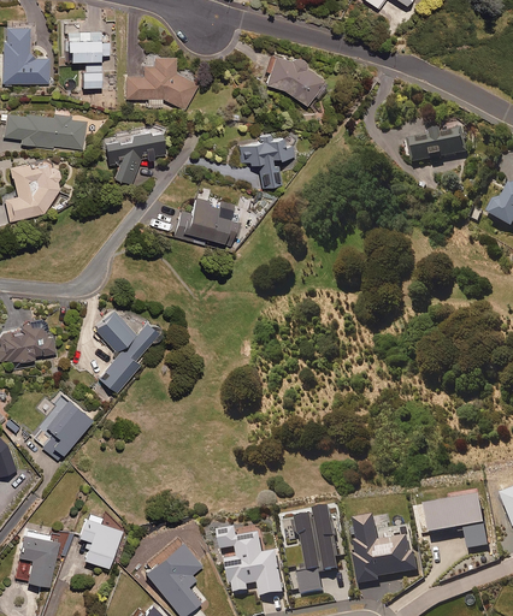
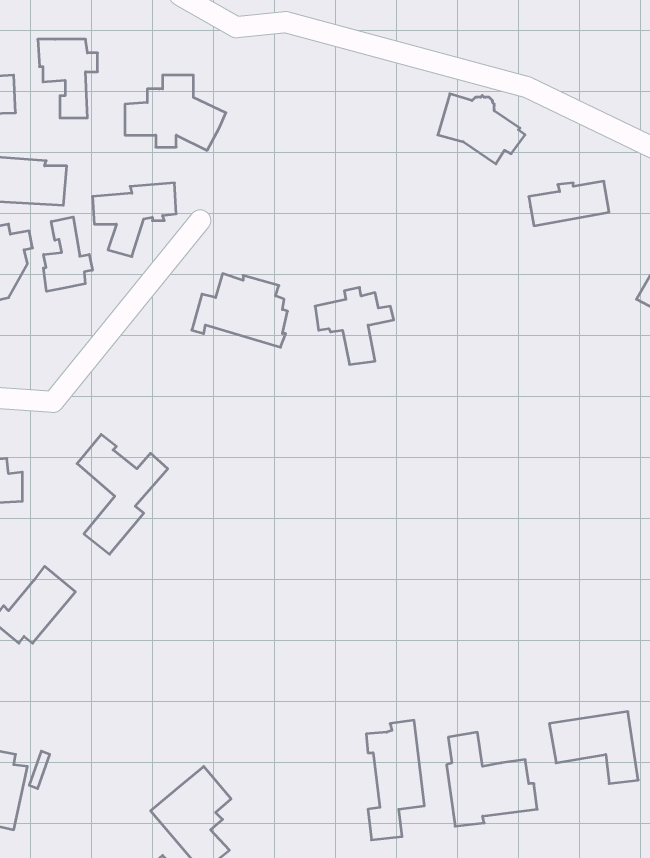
building: [265,55,326,105] -> [438,94,525,164]
building: [238,134,294,188] -> [315,287,394,364]
building: none -> [43,217,92,291]
building: [77,513,122,569] -> none
building: [217,529,283,598] -> none

